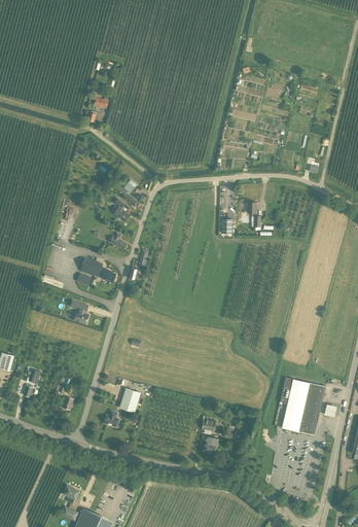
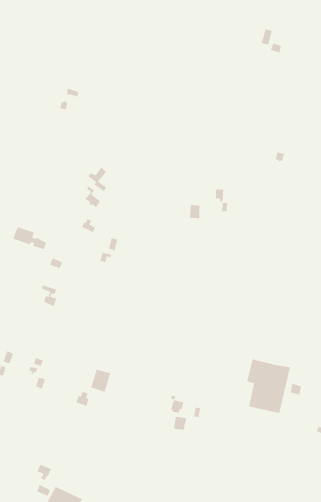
building: [79,257,115,282] -> [12,226,47,250]

